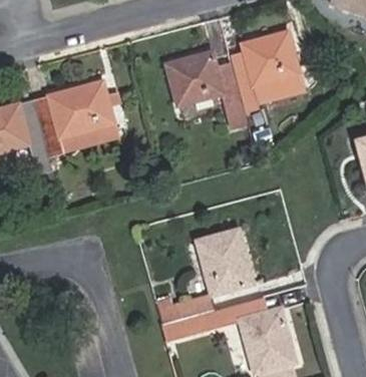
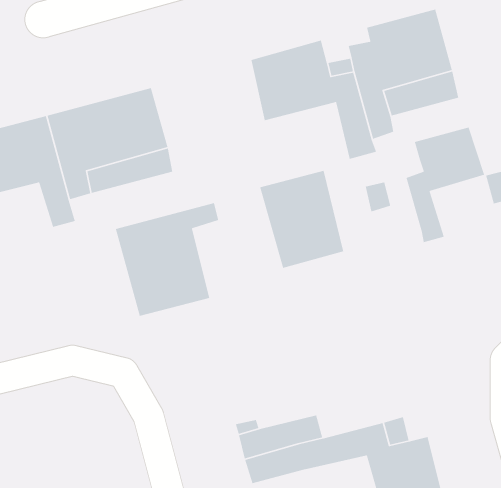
building: none -> [406,126,485,243]
building: none -> [115,202,219,317]
building: [197,231,252,295] -> [259,170,344,269]

